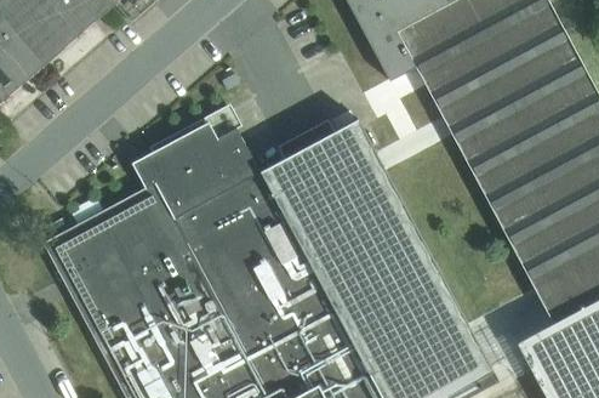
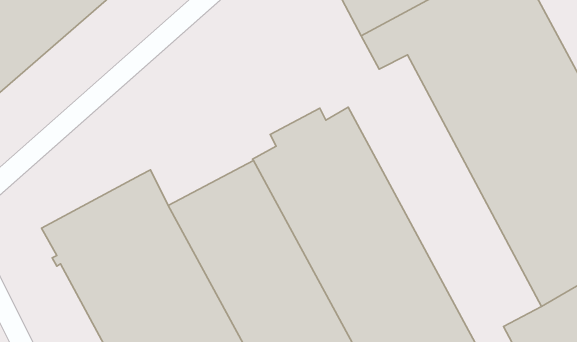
building: [131,112,261,220] -> none

